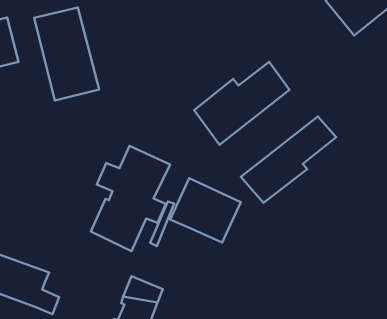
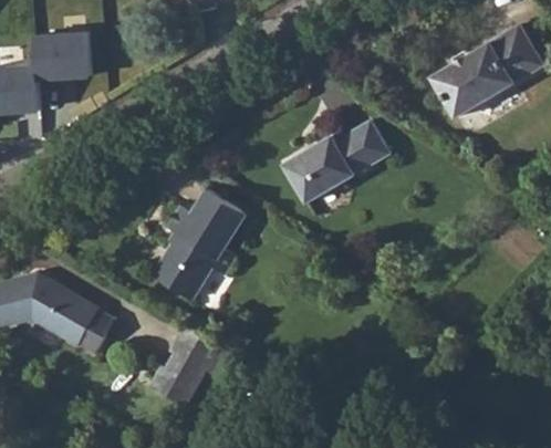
building: [34,8,99,100] -> none
building: [241,116,336,203] -> none
building: [170,178,241,243] -> none

